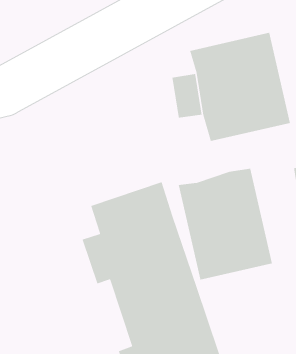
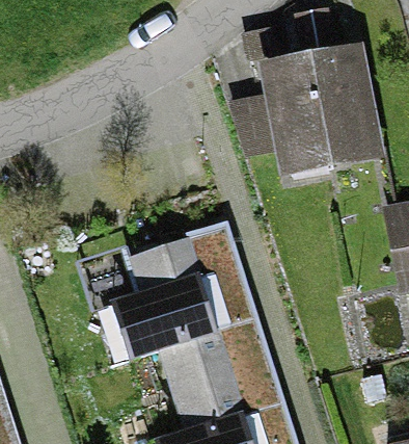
building: [178,168,273,281] -> none

